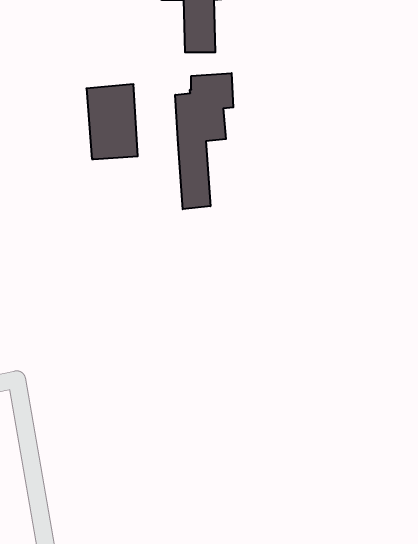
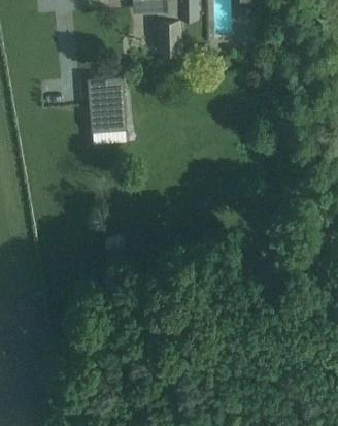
building: [175,73,233,209] -> none

